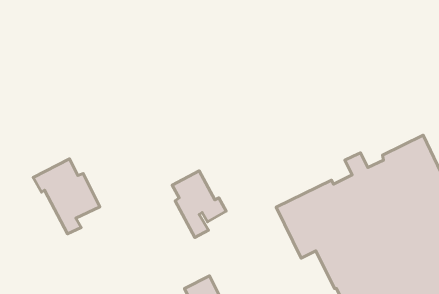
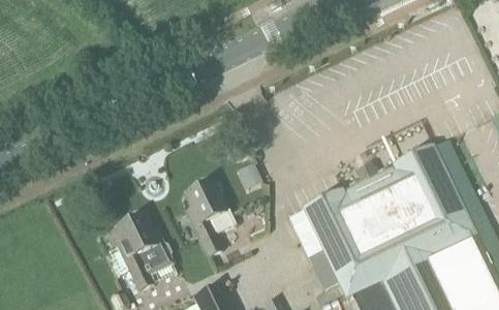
building: [33,159,100,234] -> [106,211,173,285]

